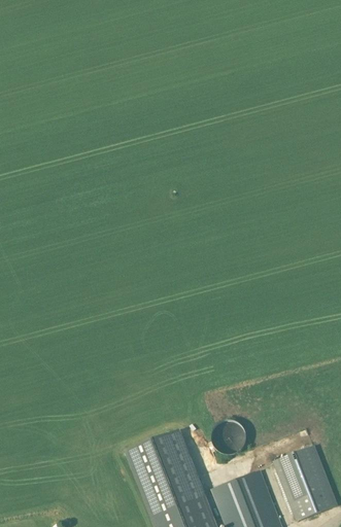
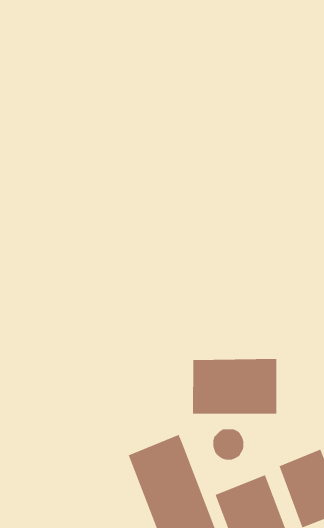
building: none -> [192,358,277,414]

